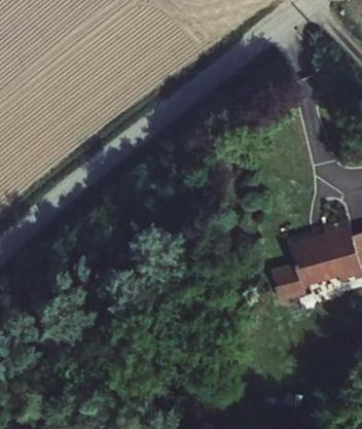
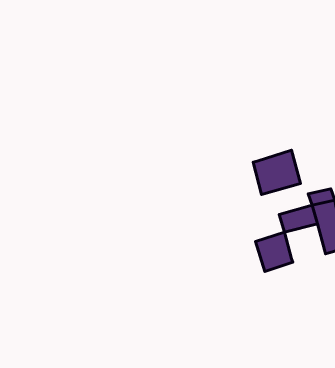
building: none -> [253,150,301,195]
building: [302,251,342,286] -> none

